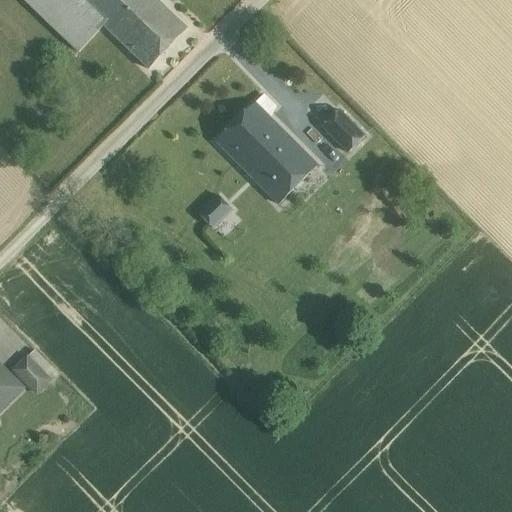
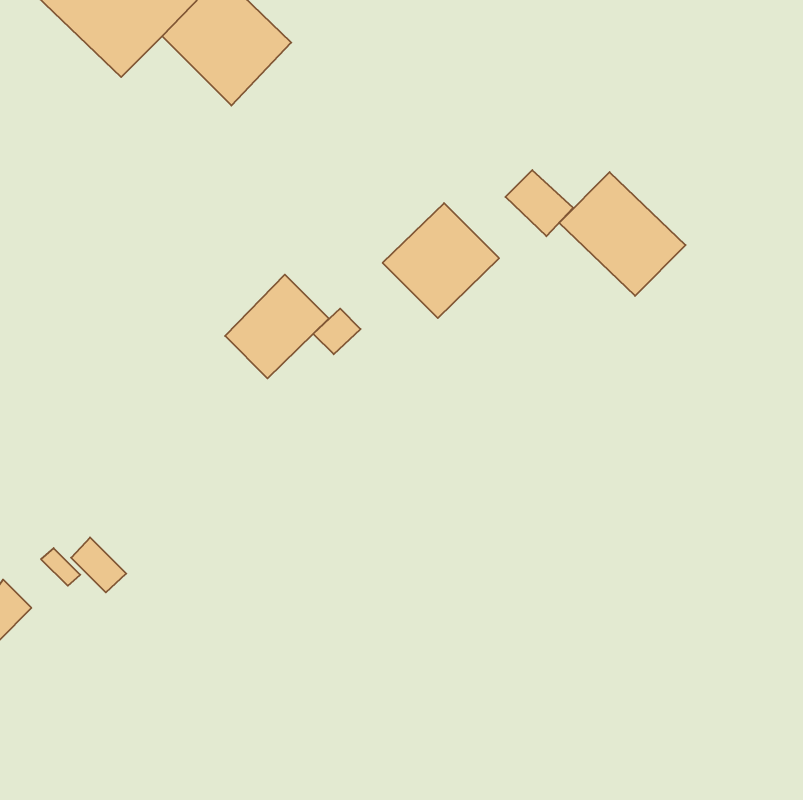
building: [216,101,282,167] -> [225,275,329,378]
building: none -> [559,172,686,296]
building: [14,355,49,390] -> [71,537,126,592]

